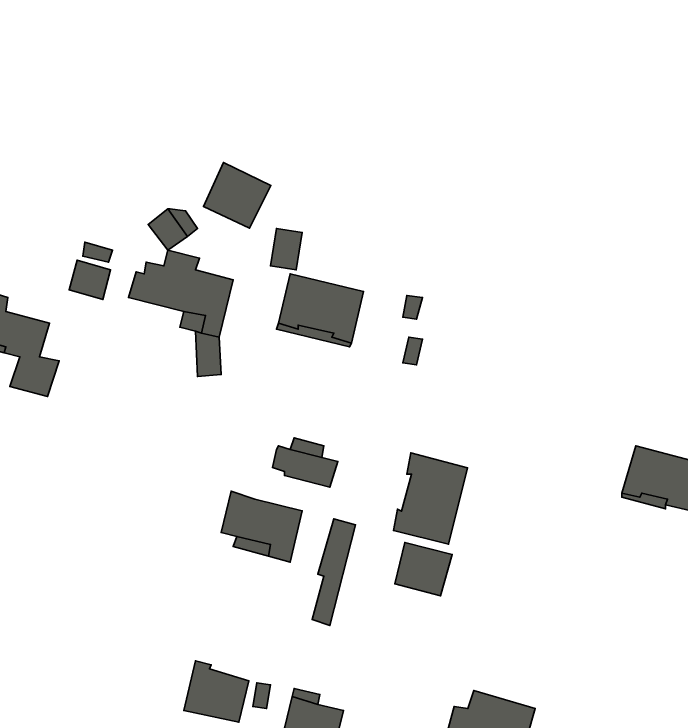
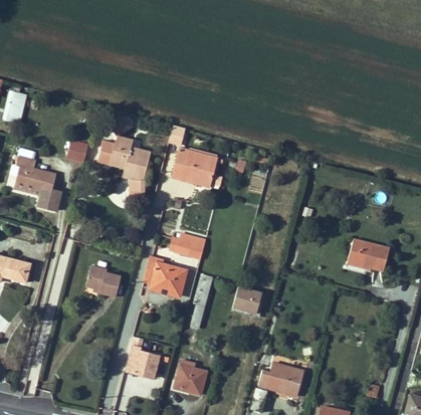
building: [204,162,271,228] -> none
building: [394,453,468,544] -> none
building: none -> [85,265,120,296]

